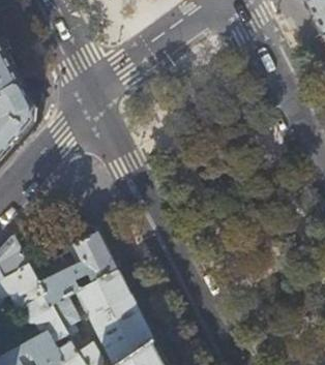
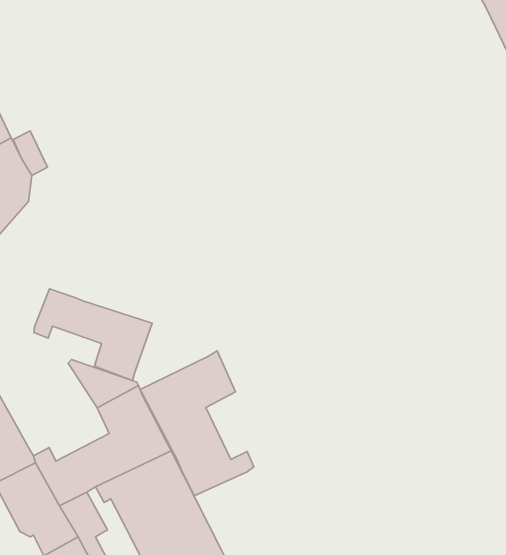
building: none -> [34,289,152,381]
building: none -> [140,351,254,496]

